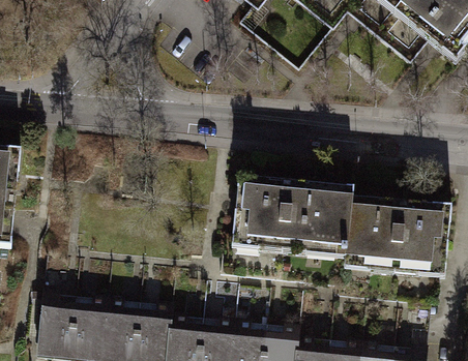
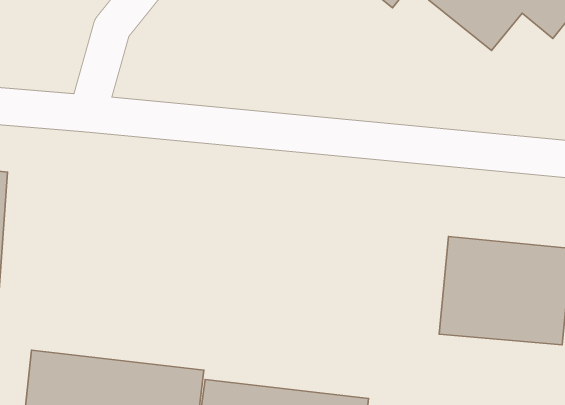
building: [236,182,362,267] -> none

